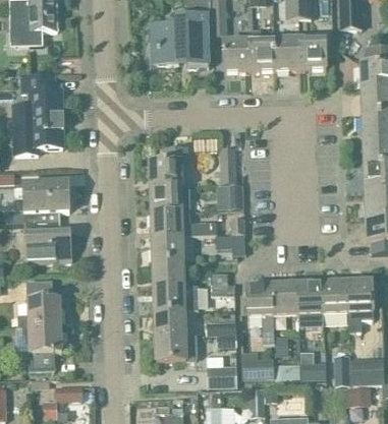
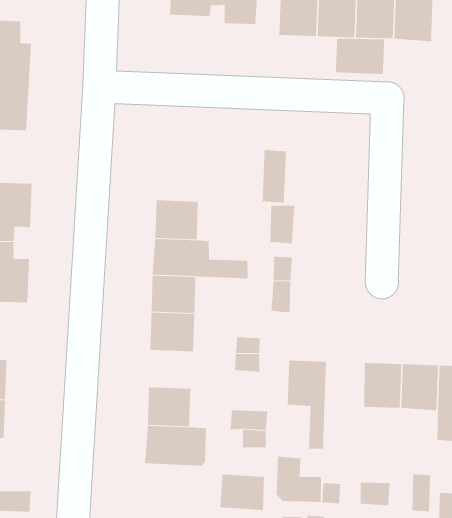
building: none -> [335,38,385,75]
building: [150,148,183,187] -> none
building: [154,285,198,311] -> none
building: [272,285,298,315] -> none

